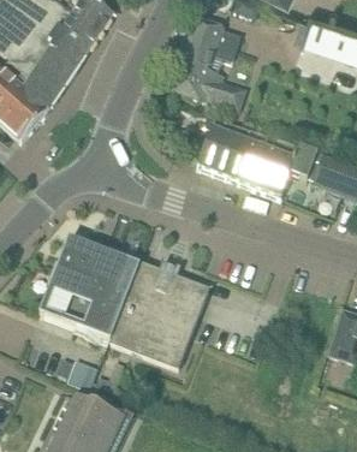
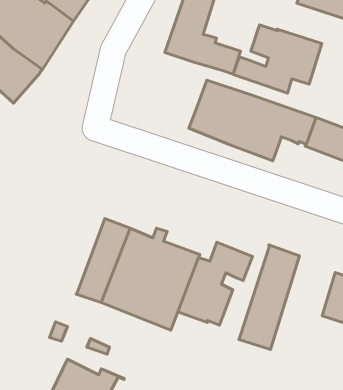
building: none -> [233,25,322,93]
building: [40,239,112,331] -> none
building: none -> [178,242,253,325]
building: none -> [239,245,299,349]

